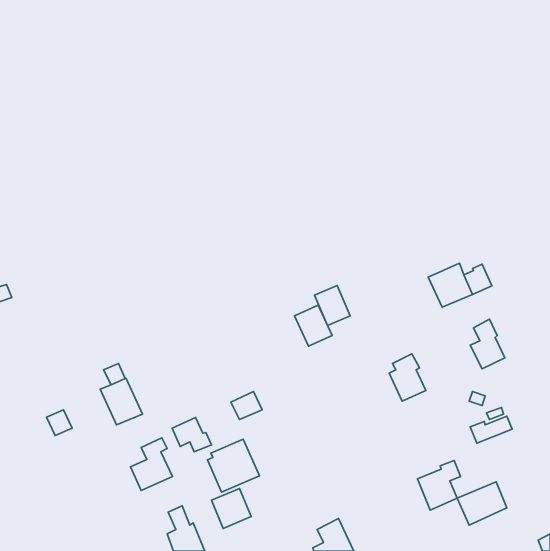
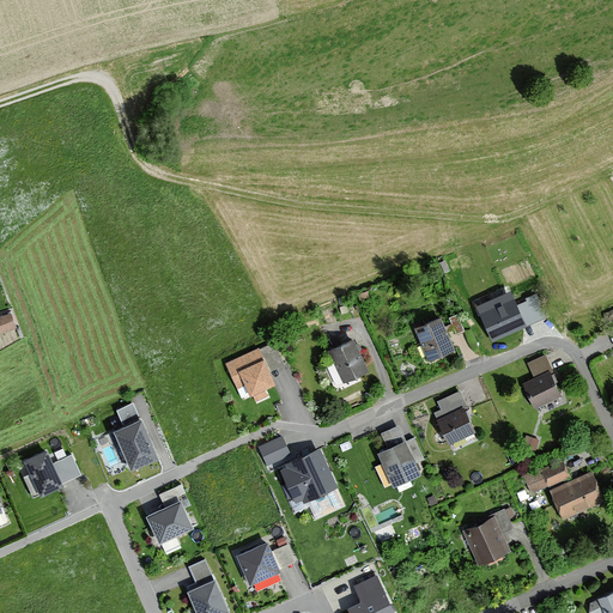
building: [315,286,350,325] -> [414,317,454,362]
building: none -> [225,344,285,402]
building: none -> [375,425,423,488]
building: none -> [22,450,62,498]
building: [172,418,211,452] -> none
building: [208,439,259,492] -> [279,450,336,509]
building: [457,482,507,525] -> [548,472,603,520]

